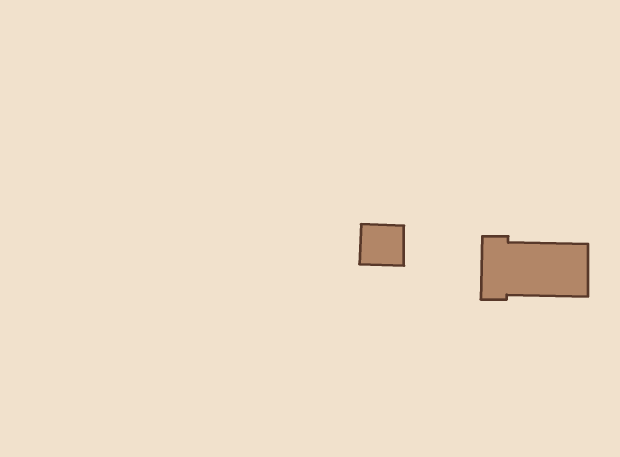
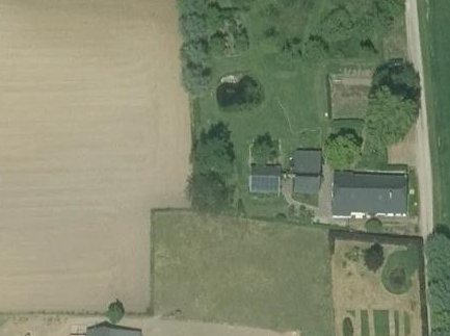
building: none -> [295,150,321,190]

